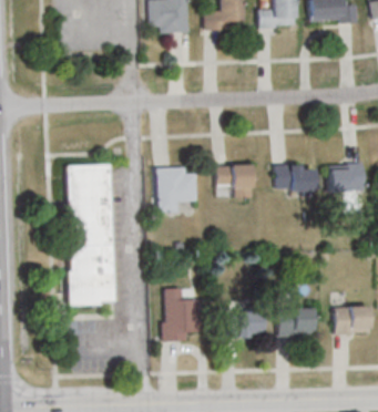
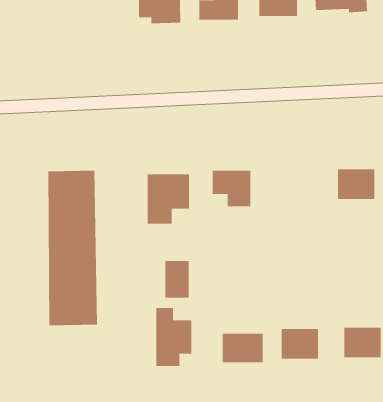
building: [275,166,314,193] -> none
building: none -> [165,260,189,299]

